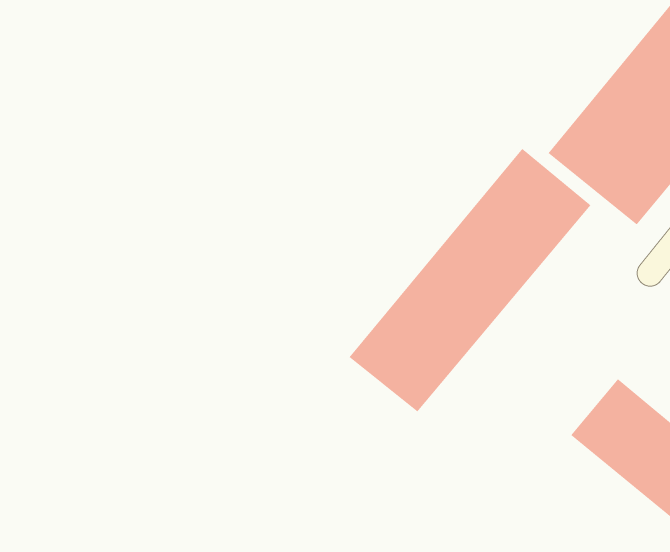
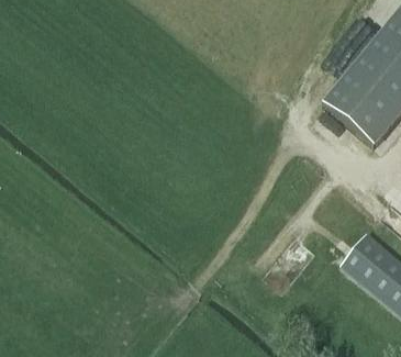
building: [348,148,591,412] -> none

